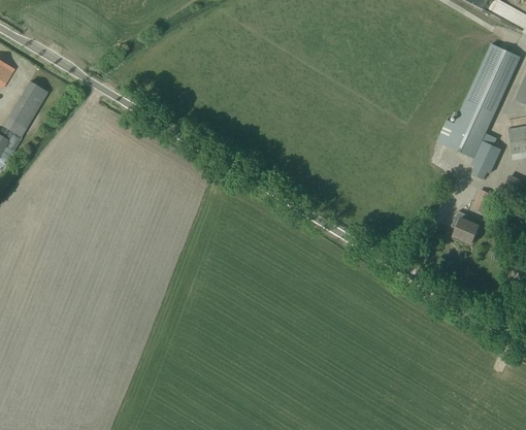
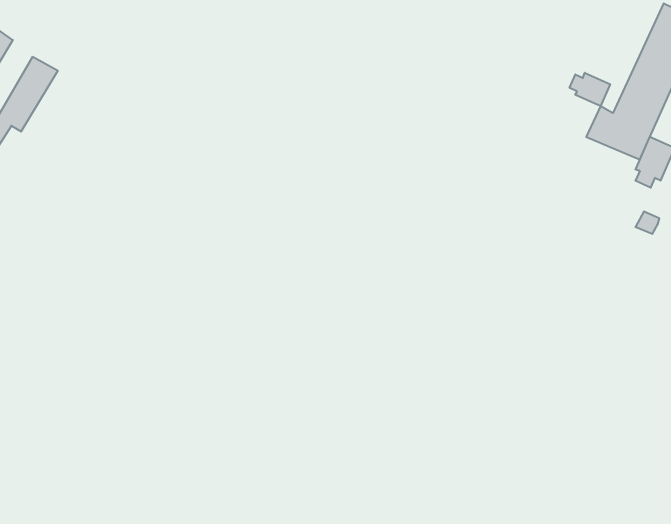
building: none -> [570,73,610,106]
building: [452,211,479,244] -> none

